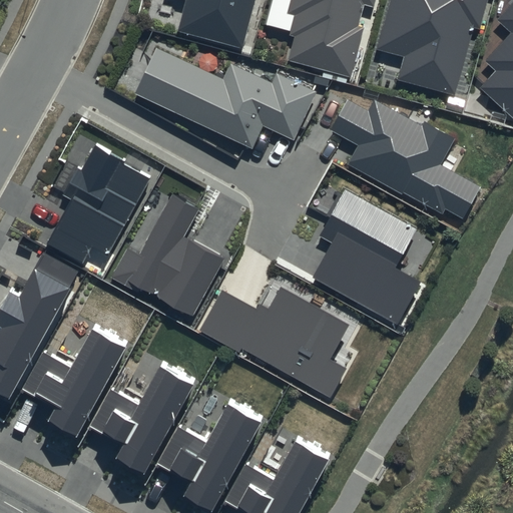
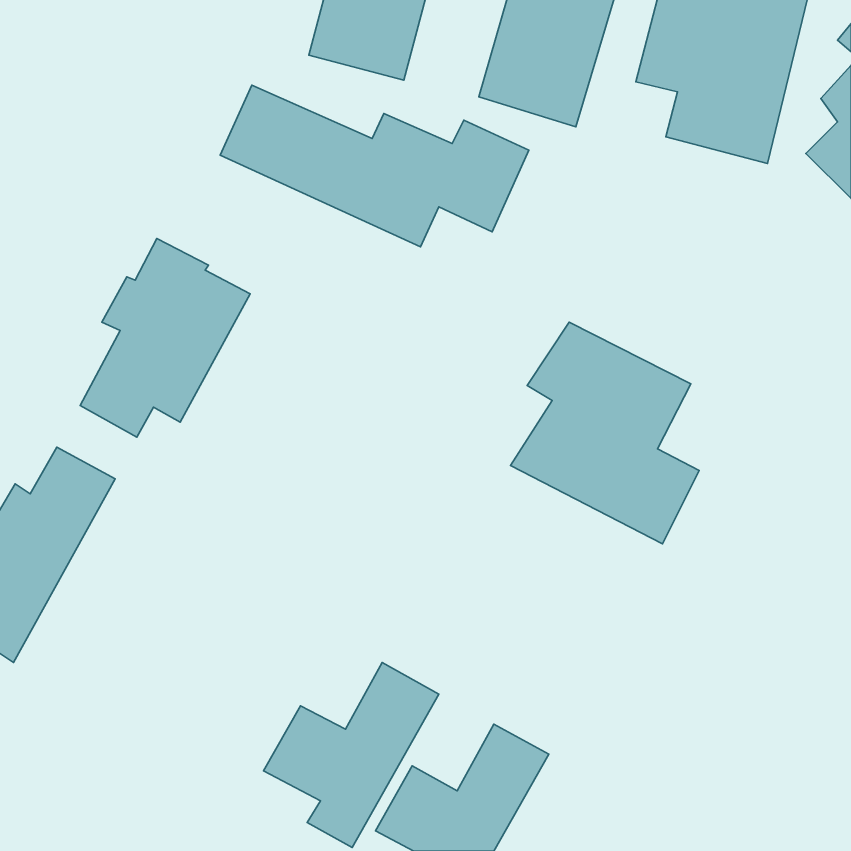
building: [334,99,482,225] -> none
building: [112,182,219,318] -> none
building: [198,290,349,398] -> none
building: [22,323,127,434] -> none
building: [91,361,195,472] -> none

